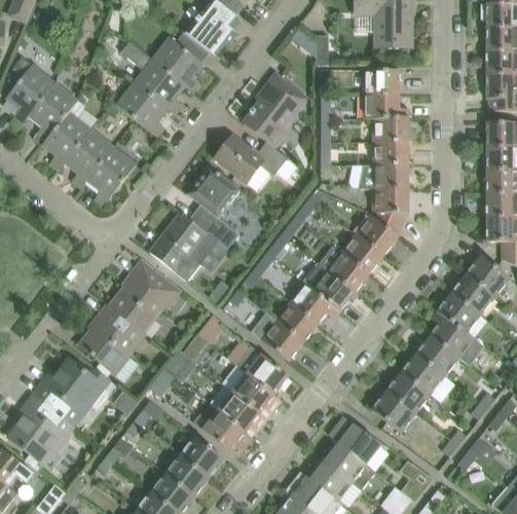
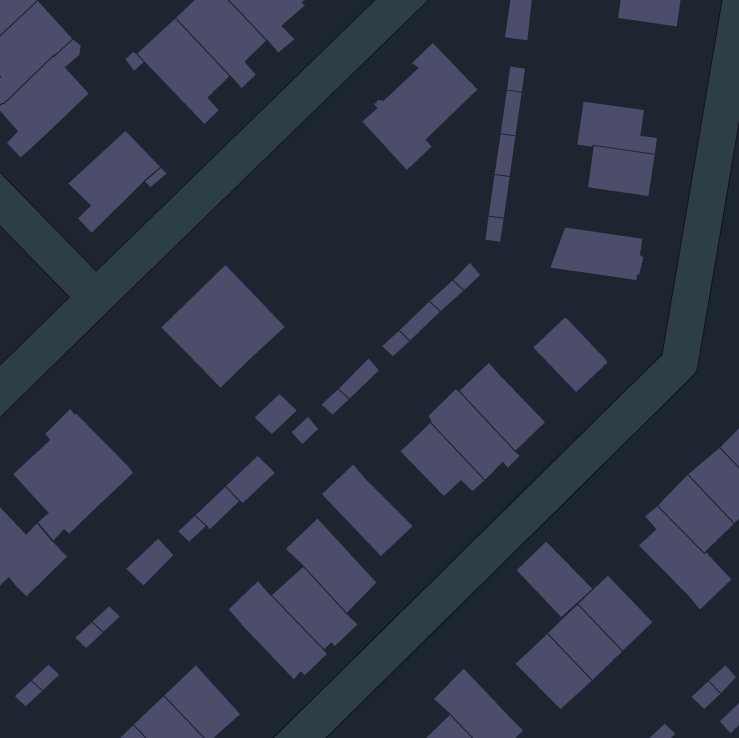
building: [364,69,399,94] -> none
building: [65,128,114,187] -> none
building: [215,135,297,182] -> none
building: [373,141,408,164] -> none
building: [187,166,239,249] -> none
building: [373,188,408,234] -> none
building: [341,233,383,273] -> none
building: [109,259,173,331] -> none
building: [275,301,319,341] -> none
building: [415,334,459,375] -> [516,541,593,618]
building: [193,409,253,456] -> none

